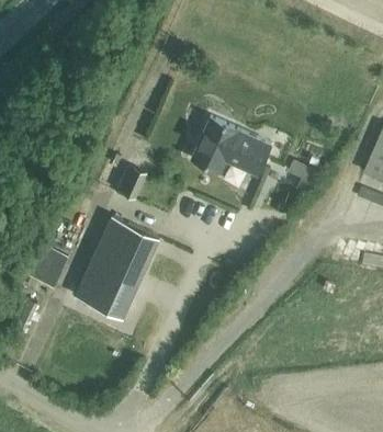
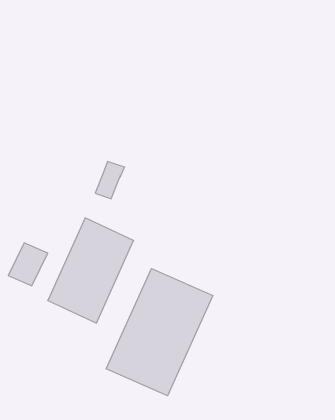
building: [189,118,269,177] -> none
building: none -> [106,269,213,396]

